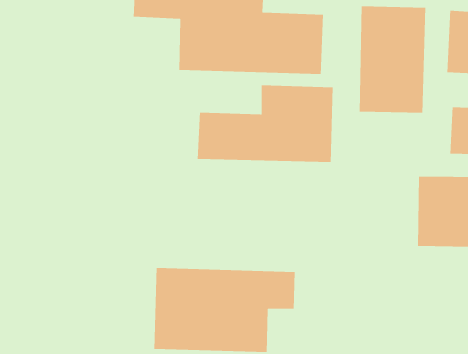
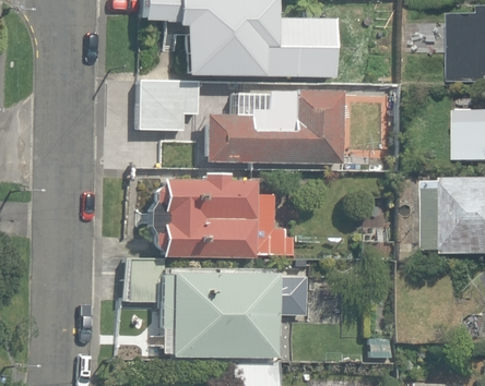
building: [359,6,426,114] -> none
building: none -> [134,79,202,132]
building: none -> [154,176,298,260]

